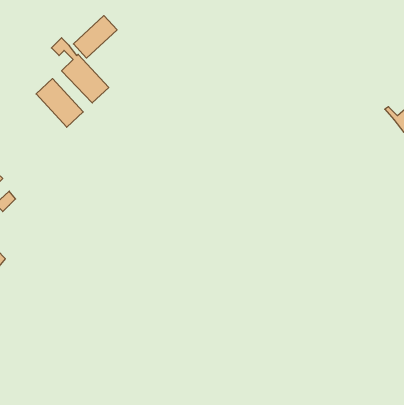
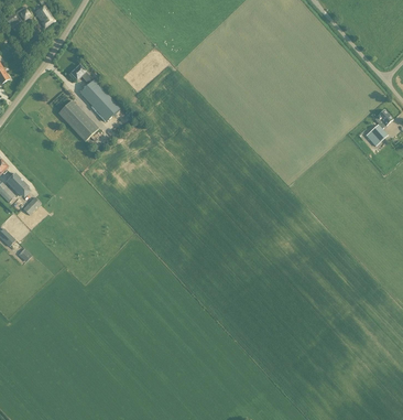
building: [73,16,117,58] -> none

